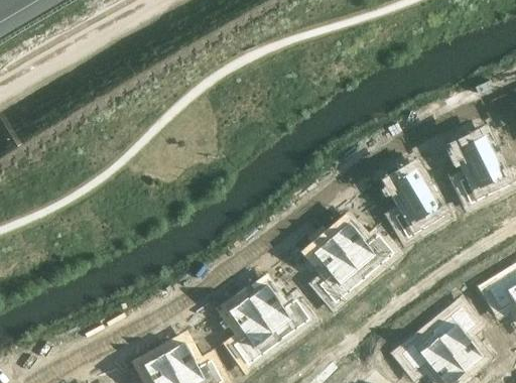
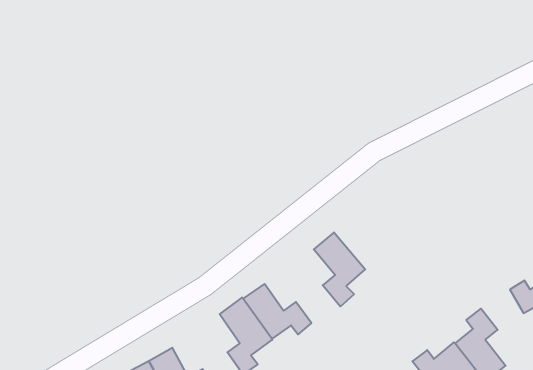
building: [457,134,502,204] -> none
building: [389,168,437,238] -> none
building: [328,221,392,270] -> none

